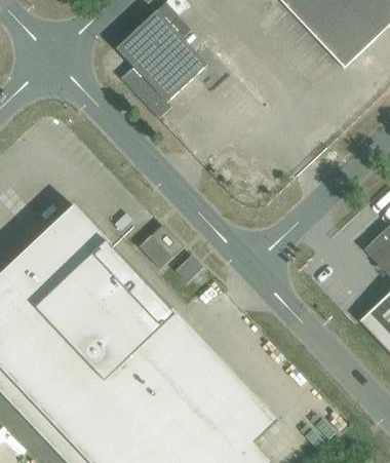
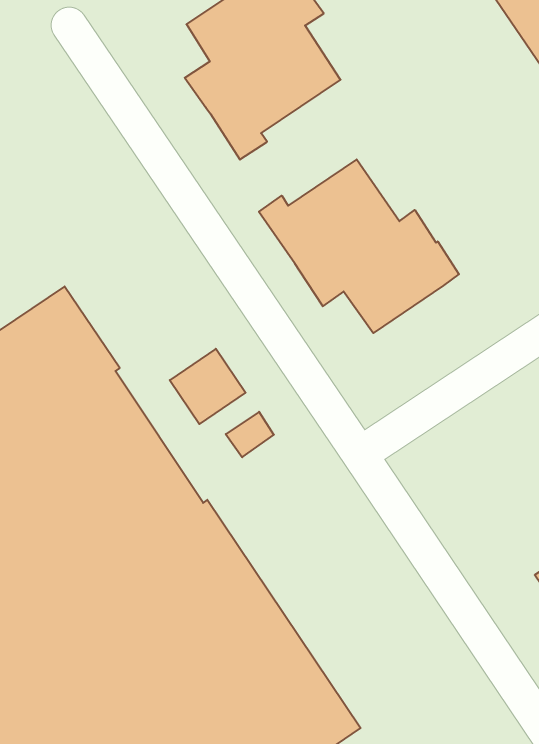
building: none -> [259,159,459,333]

